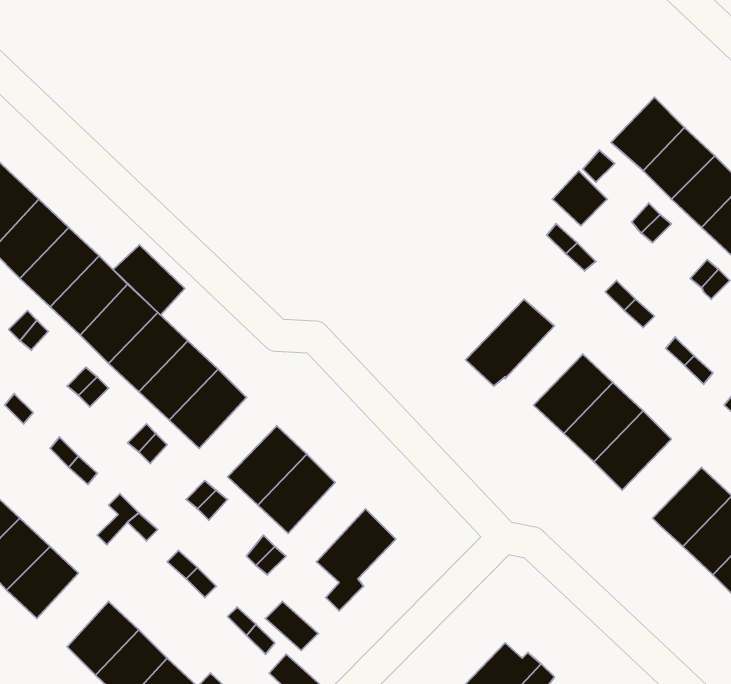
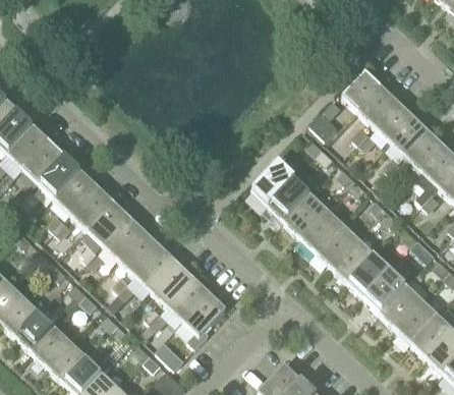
building: [113,245,185,315] -> none
building: none -> [248,162,296,212]
building: none -> [286,193,328,236]
building: none -> [121,232,163,275]
building: none -> [349,255,392,297]
building: none -> [169,278,211,321]
building: none -> [34,327,72,366]

